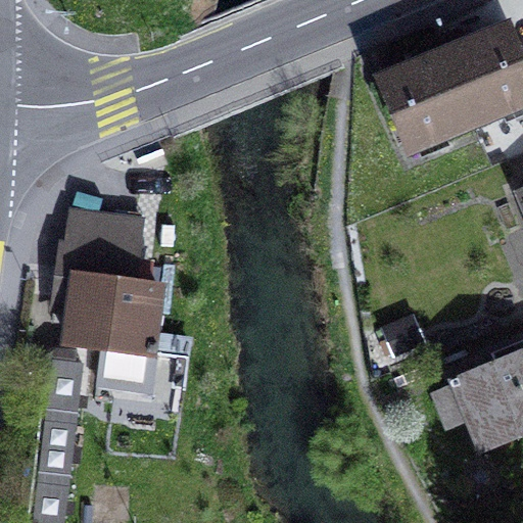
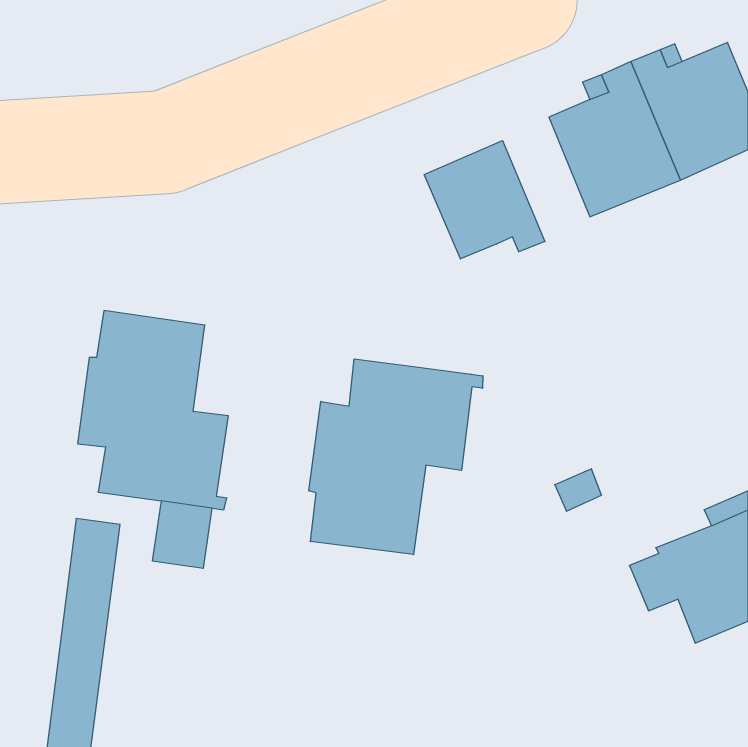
building: none -> [424,141,545,259]
building: none -> [309,359,483,555]

